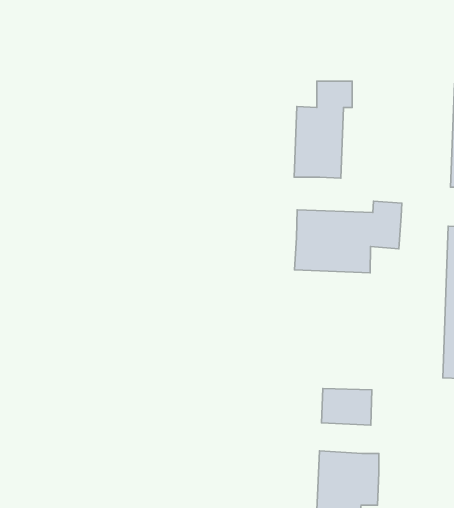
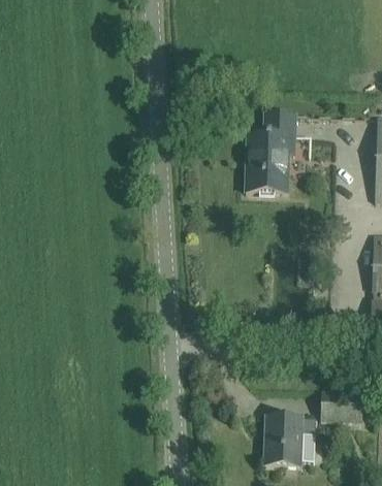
building: [294,201,402,273] -> none
building: [322,389,372,425] -> [323,390,364,420]

